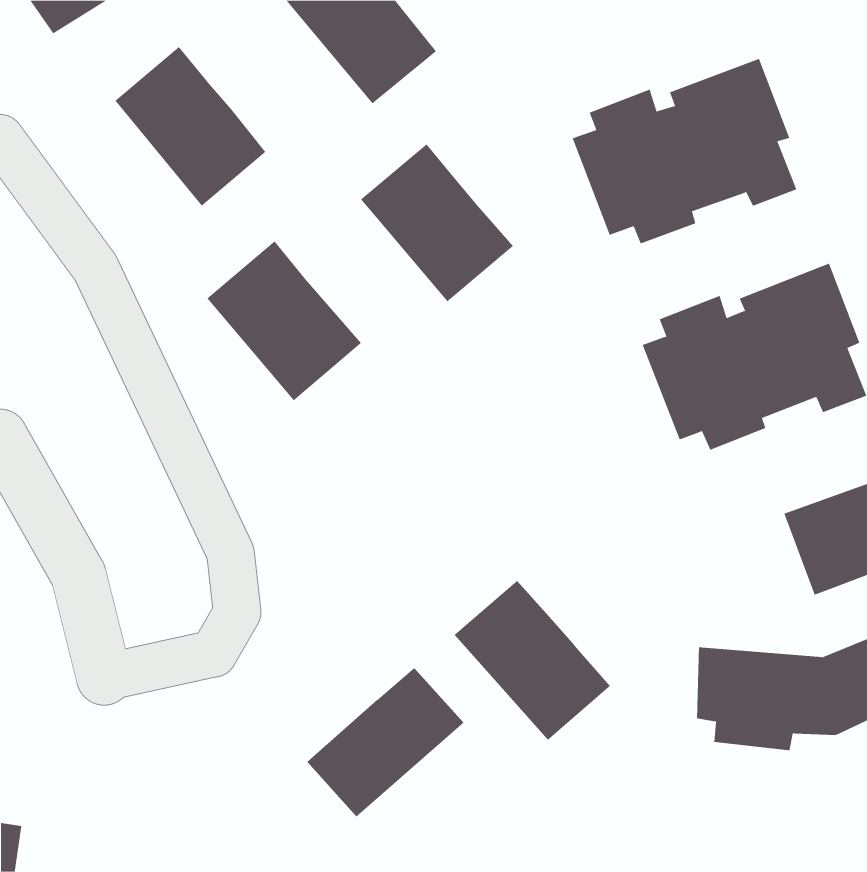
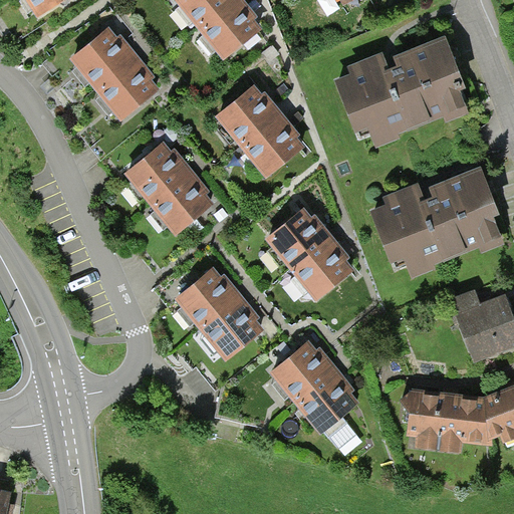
building: none -> [263,207,355,300]
building: none -> [175,268,265,361]
building: [307,667,464,817] -> none

